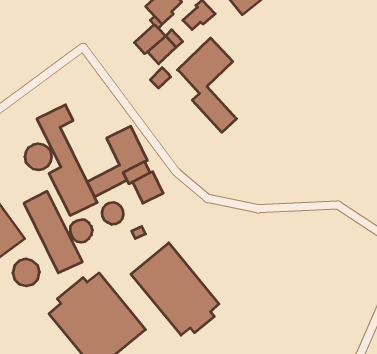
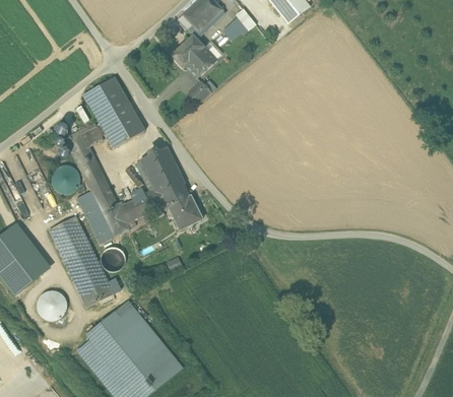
building: [177,38,237,132] -> none
building: none -> [83,76,145,147]
building: [102,202,123,225] -> none
building: [131,243,219,335] -> none

